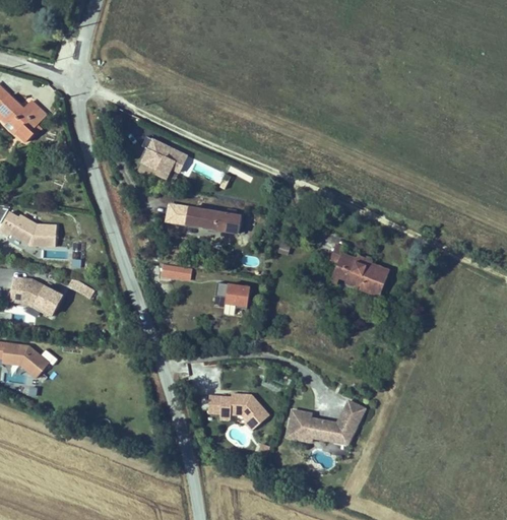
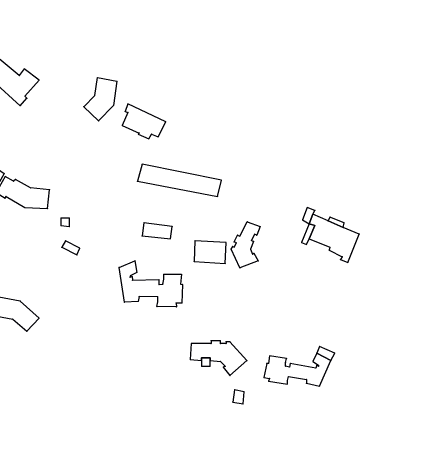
building: none -> [84,78,117,121]
building: none -> [231,222,260,268]
building: [9,279,62,319] -> none
building: none -> [119,261,182,307]

